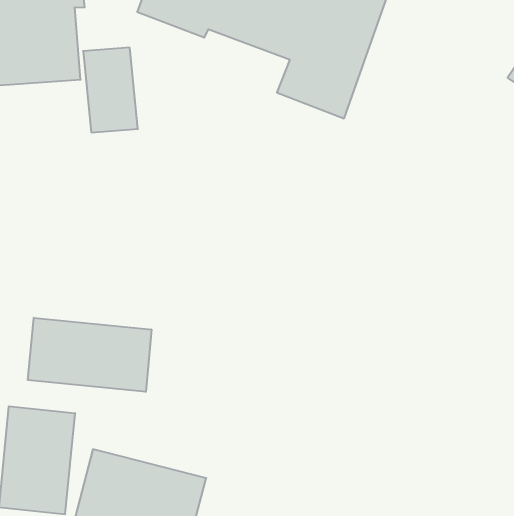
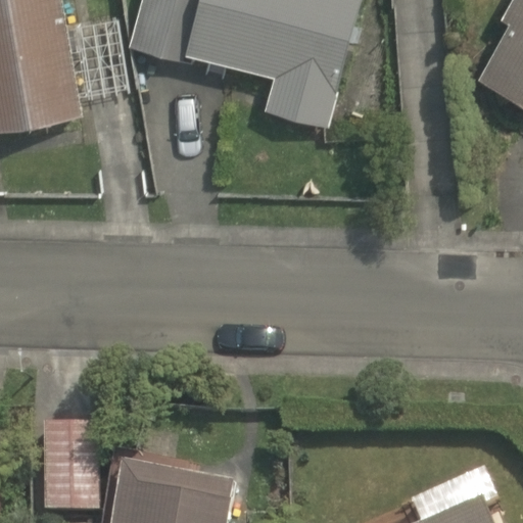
building: [28,318,151,392] -> none

